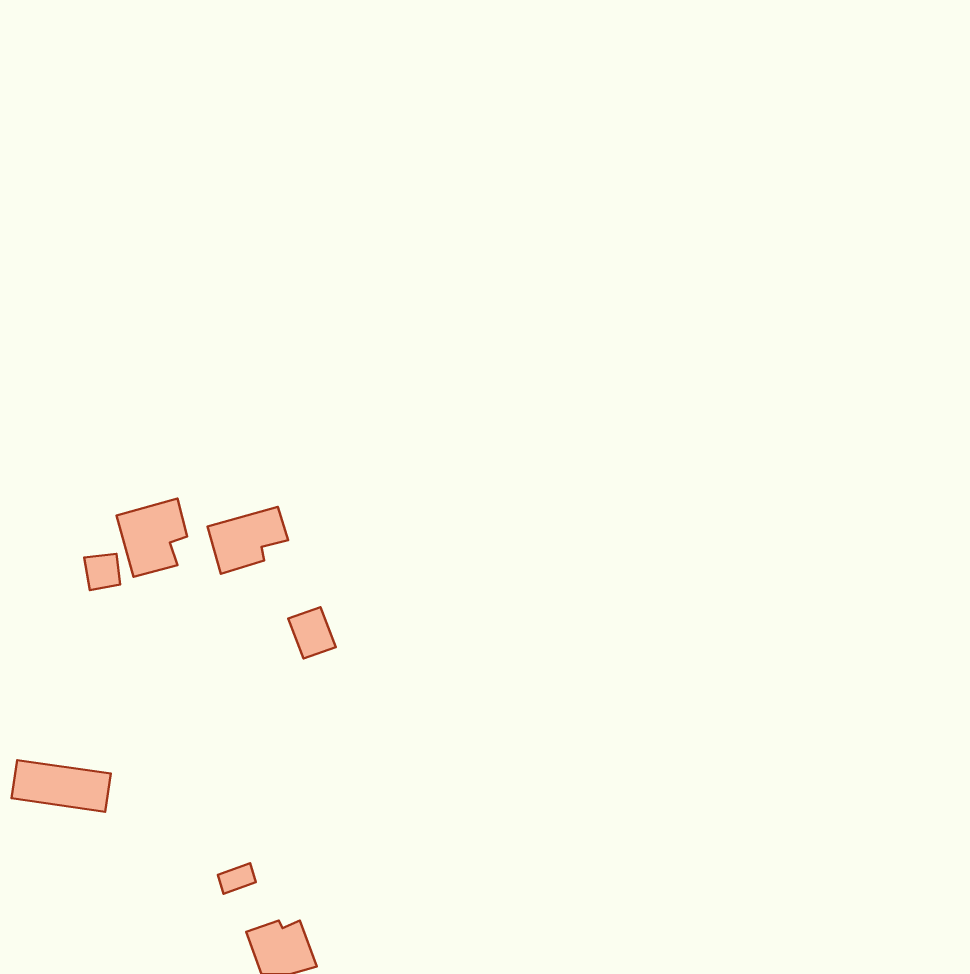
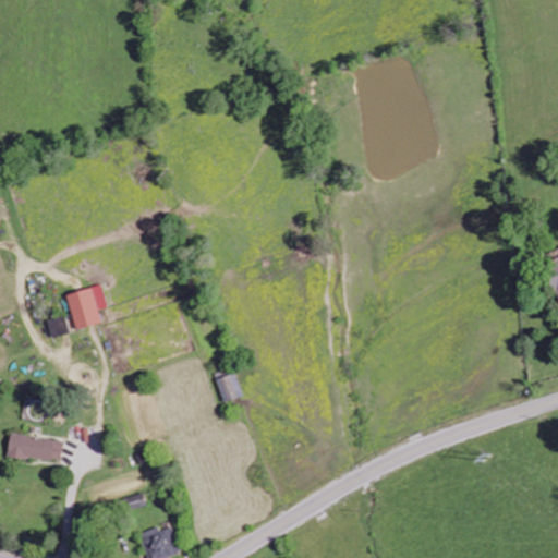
building: [208,507,288,574] -> none
building: [288,607,336,659] -> [215,373,242,402]

